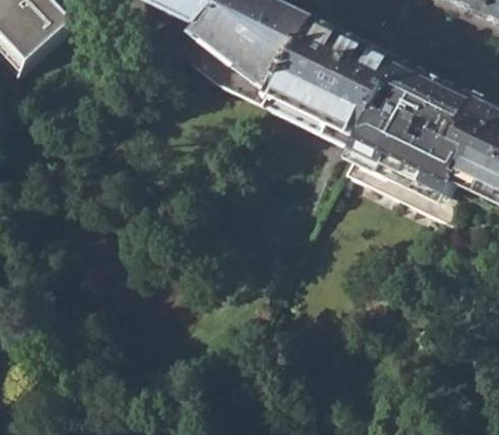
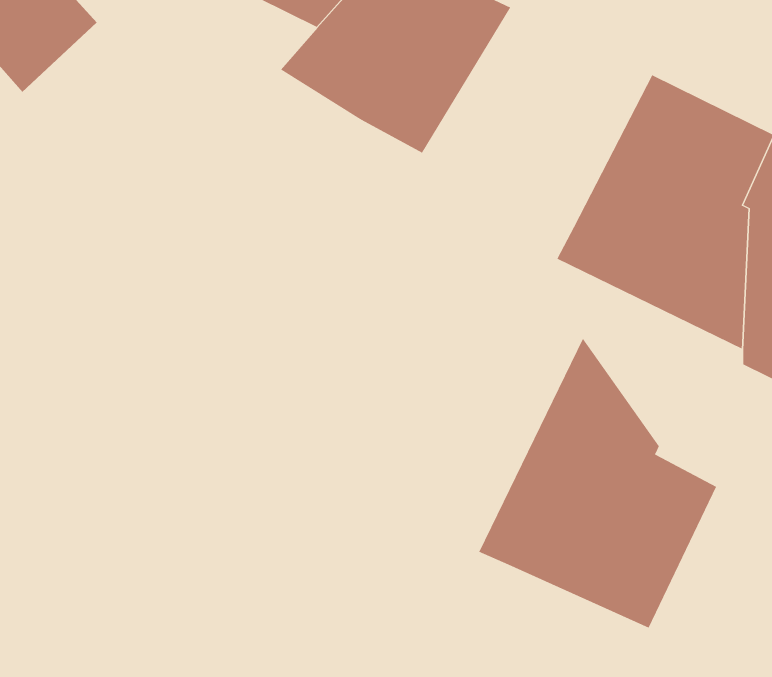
building: [264,17,405,152] -> none
building: none -> [478,338,717,628]

